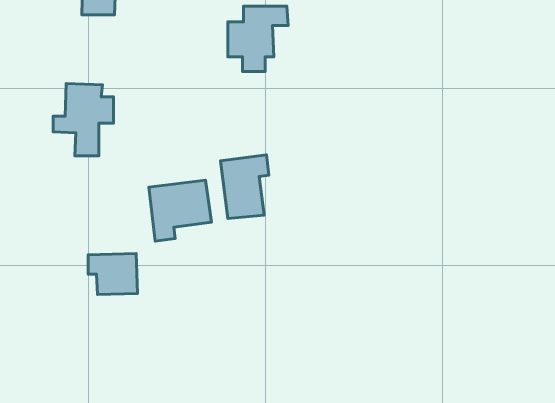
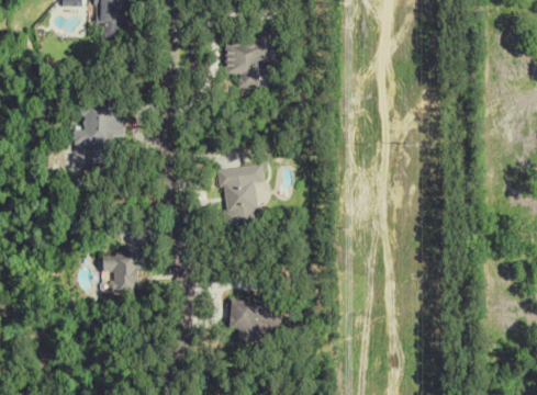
building: [149,180,212,241] -> none
building: none -> [228,305,278,342]

